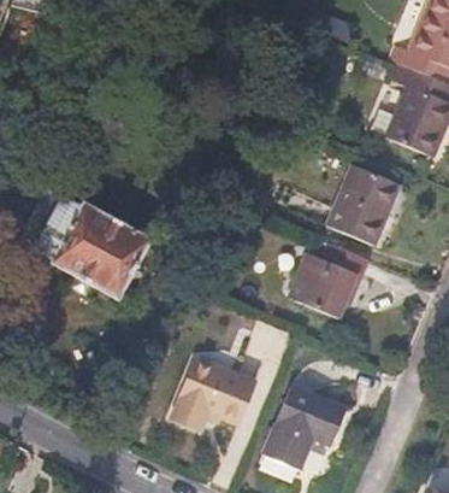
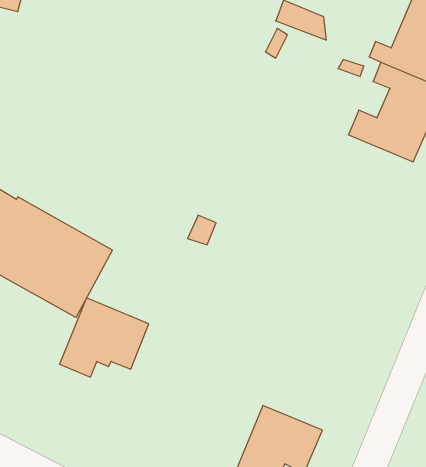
building: [325,164,400,246] -> none
building: [286,243,368,318] -> none
building: [171,357,254,430] -> [59,298,149,377]

